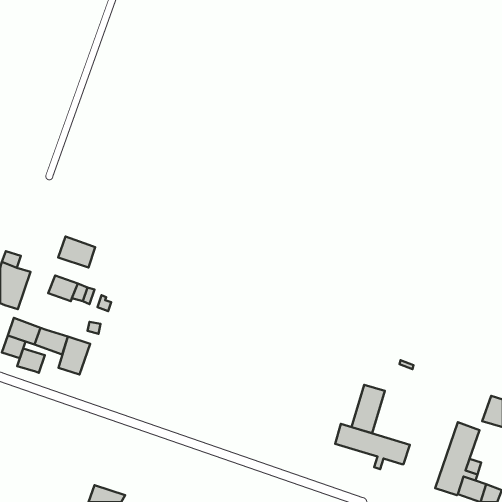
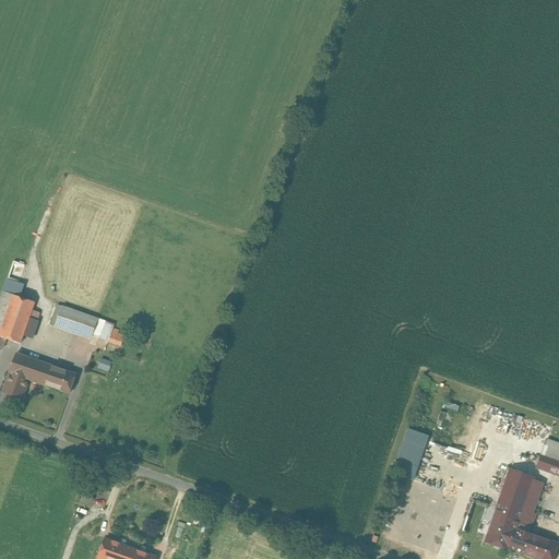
building: [58,236,95,267] -> none
building: [58,336,90,374] -> none
building: [17,348,45,373] -> none
building: [335,424,410,469] -> none

